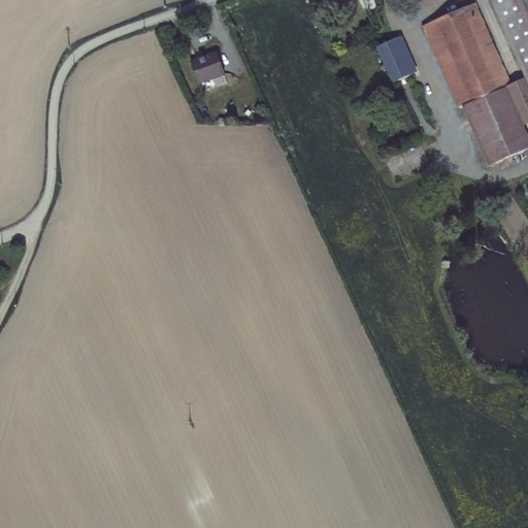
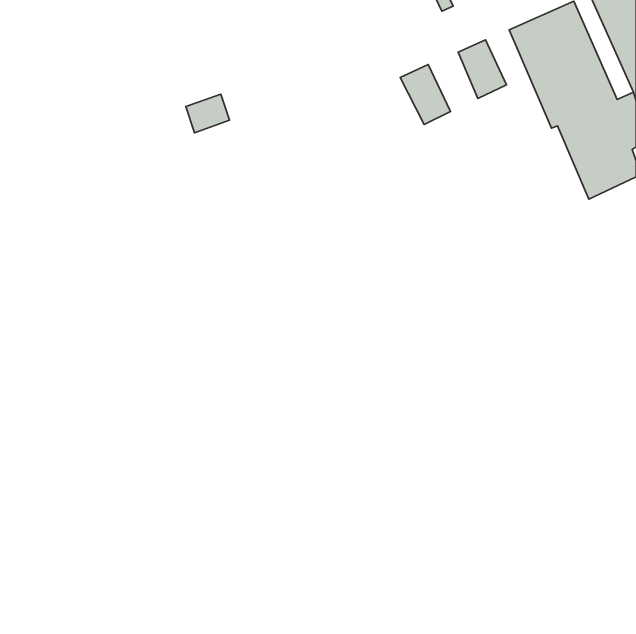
building: [191,51,227,82] -> [186,94,229,133]
building: none -> [400,65,450,125]

